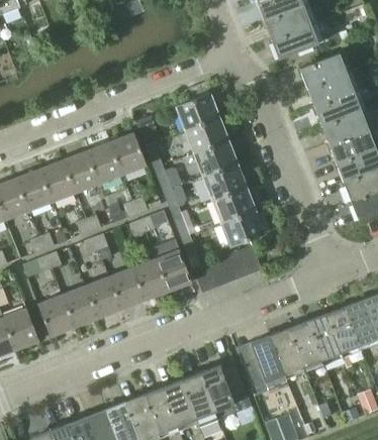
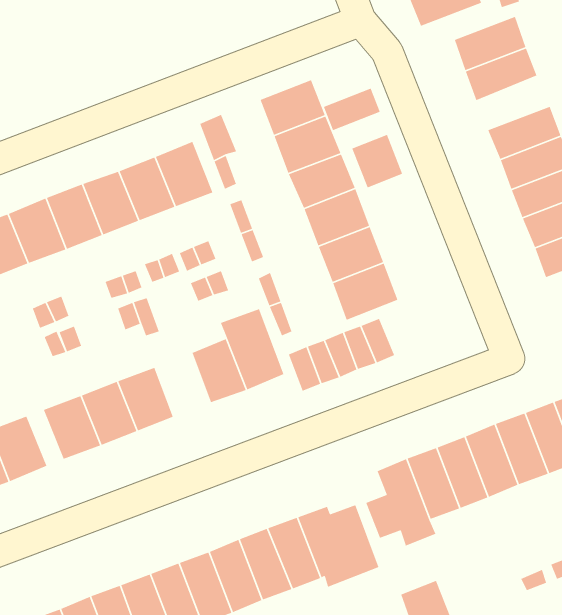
building: [314,92,362,126] -> none
building: none -> [323,87,381,131]
building: none -> [351,134,403,188]
building: [109,268,145,310] -> none

